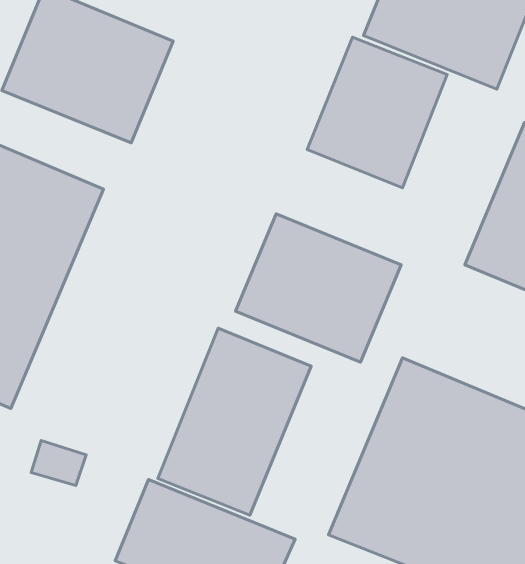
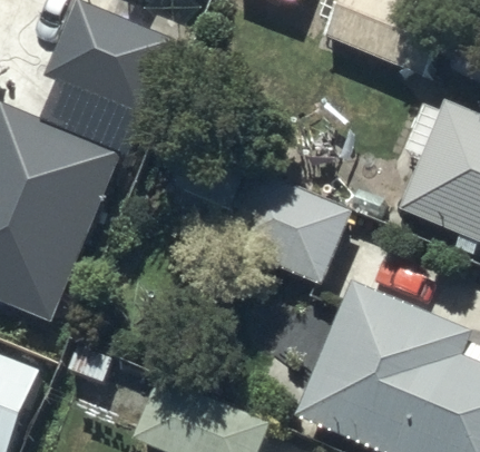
building: [307,37,447,188] -> none
building: [158,328,311,515] -> none

